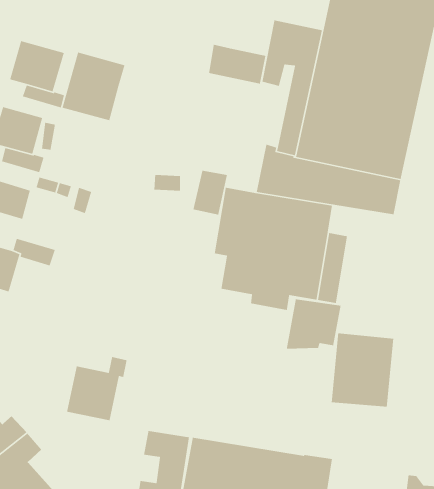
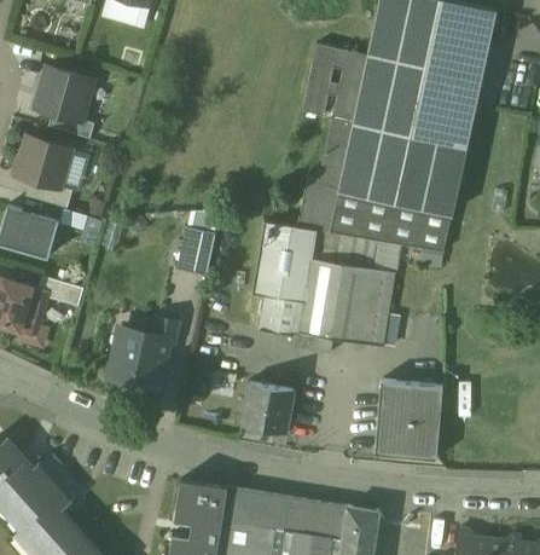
building: [208,44,267,85] -> none
building: [62,51,126,121] -> none
building: [193,170,228,215] -> [178,227,215,276]
building: [286,298,342,350] -> [242,378,301,433]
building: [66,356,127,421] -> [111,318,176,387]

